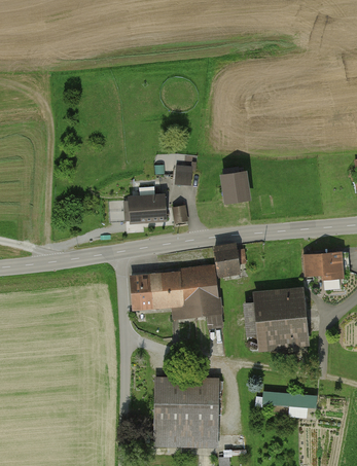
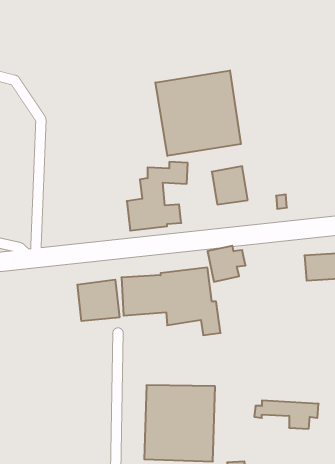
building: none -> [155,70,241,156]
building: none -> [77,280,119,321]
building: [243,287,312,352] -> none

